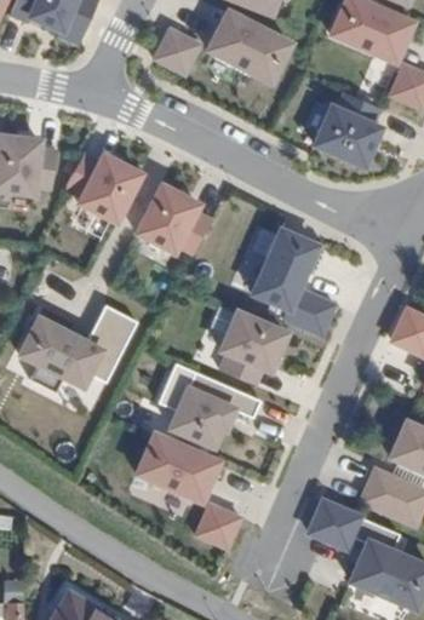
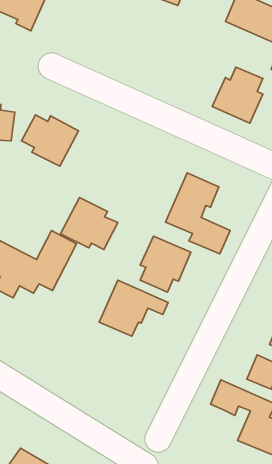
building: [208,13,290,84] -> none
building: [155,31,201,76] -> none
building: [139,188,213,256] -> [61,197,118,250]
building: [138,435,219,503] -> none
building: [197,505,242,550] -> none

